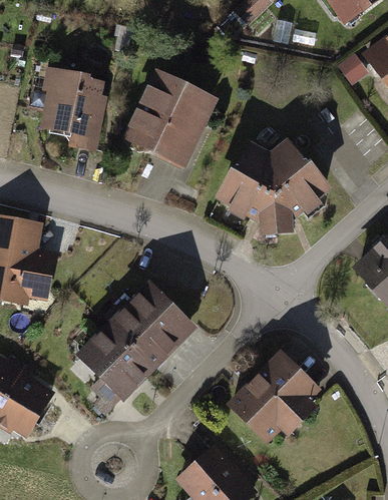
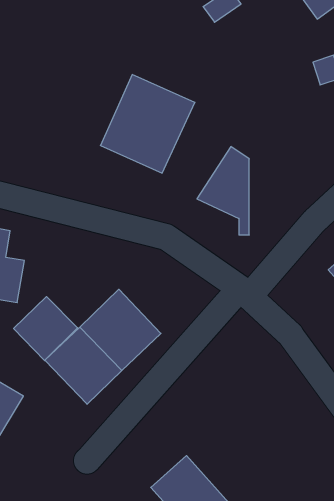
building: [37,69,105,143] -> none
building: [276,142,328,230] -> none
building: none -> [14,297,78,361]
building: [232,351,323,440] -> none

